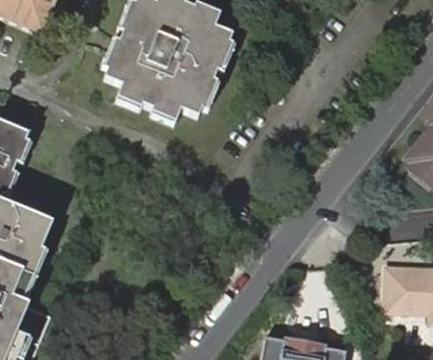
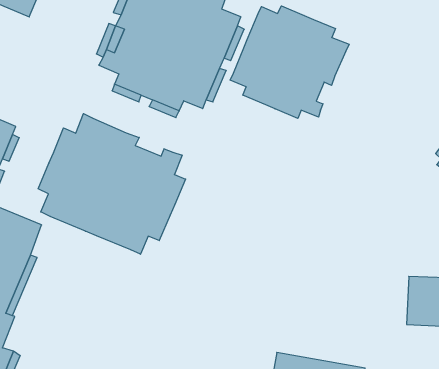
building: none -> [230,6,349,118]
building: none -> [38,114,186,254]

